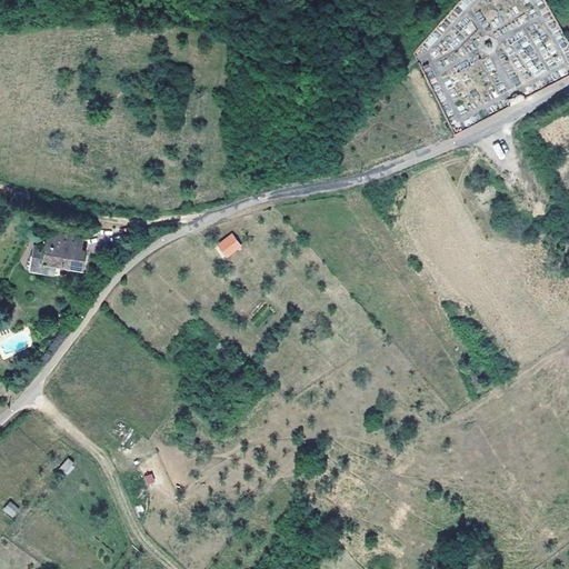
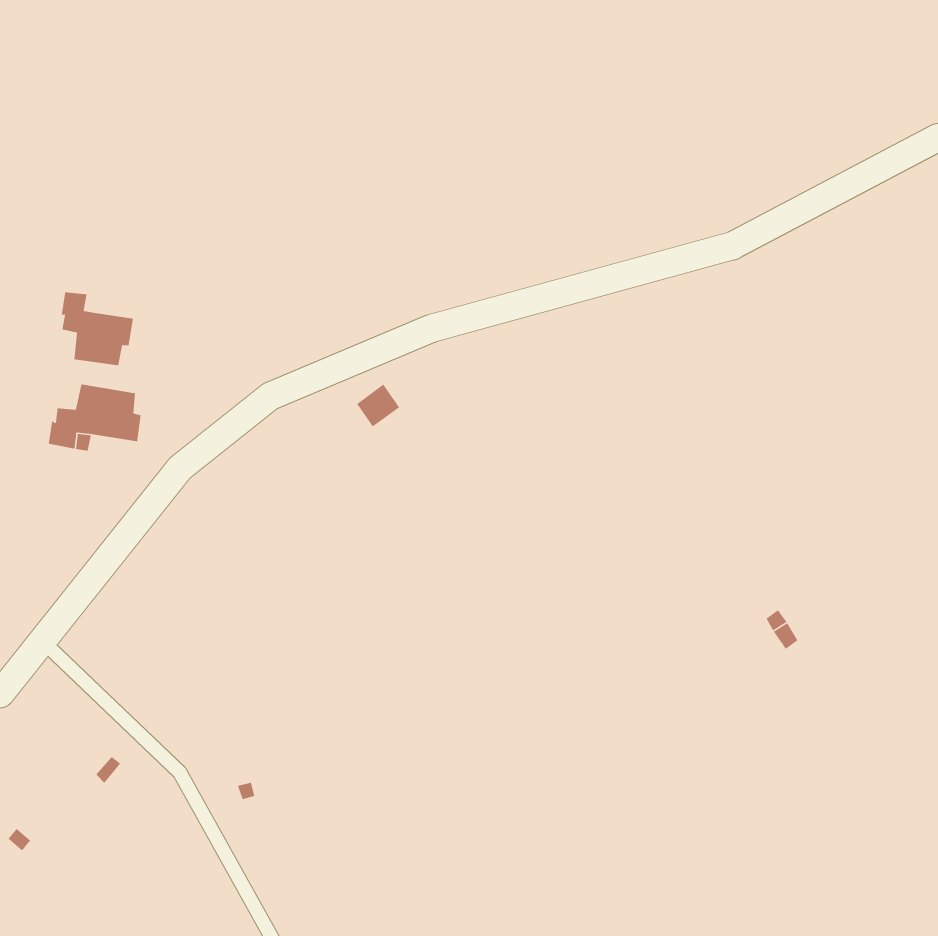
building: none -> [61,291,134,366]

